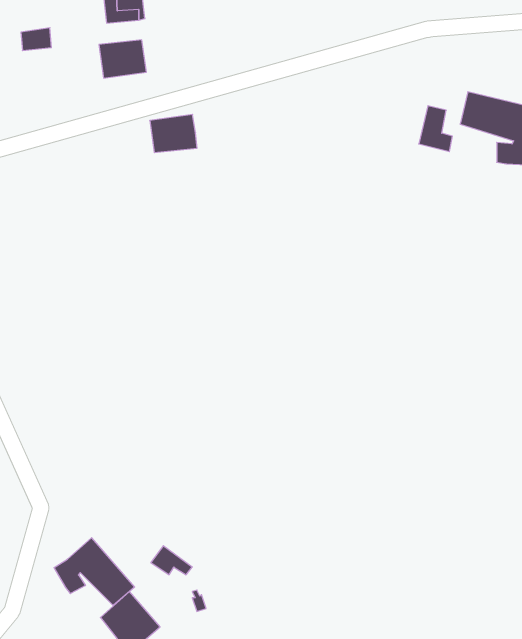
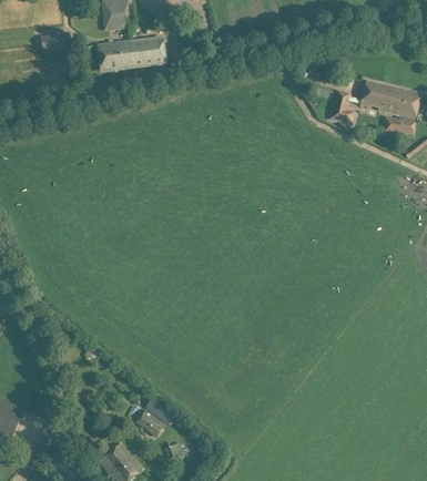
building: [150,114,197,153] -> [129,38,163,65]
building: [54,538,135,606] -> none

